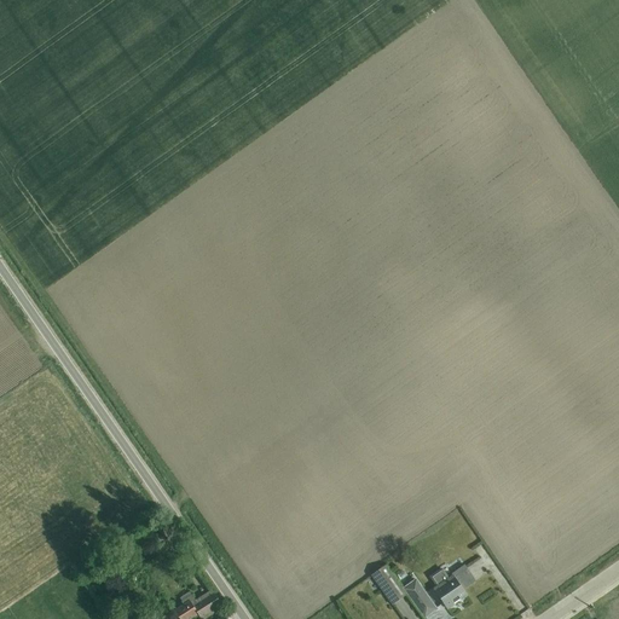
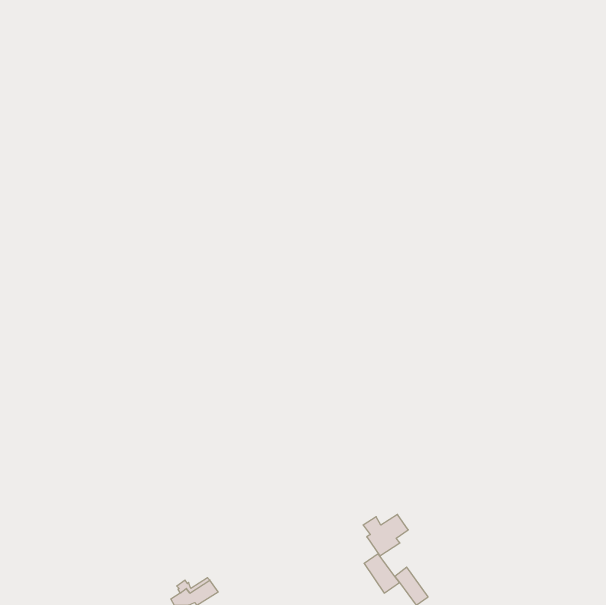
building: [429,565,475,607] -> [363,514,408,556]

